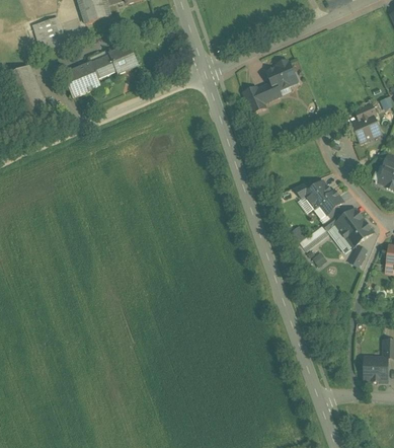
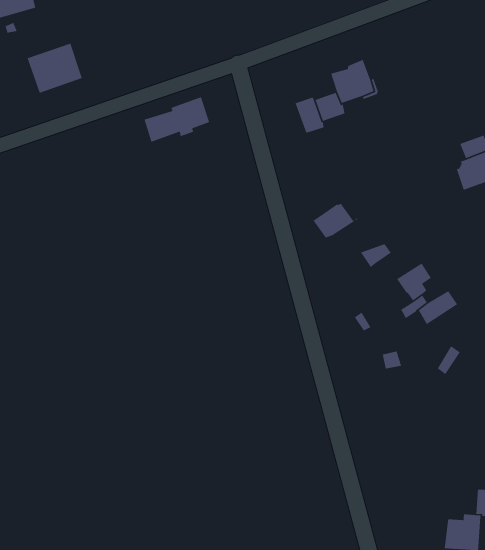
building: [92,45,137,78] -> [143,96,210,143]
building: [305,181,335,207] -> [313,203,358,240]
building: [341,218,372,247] -> none

